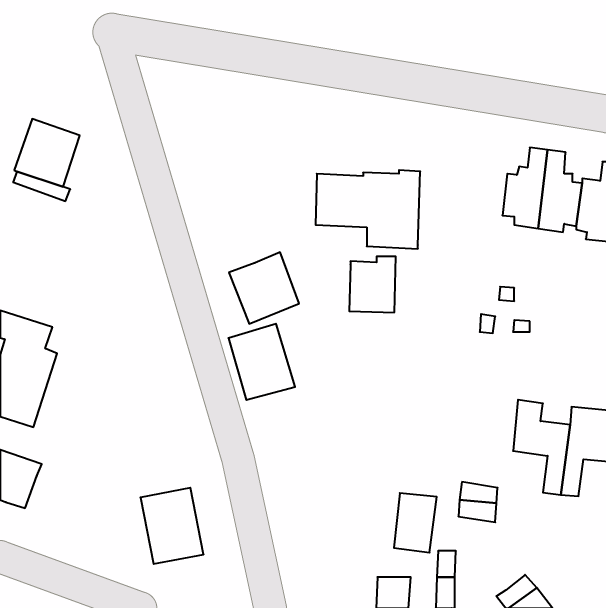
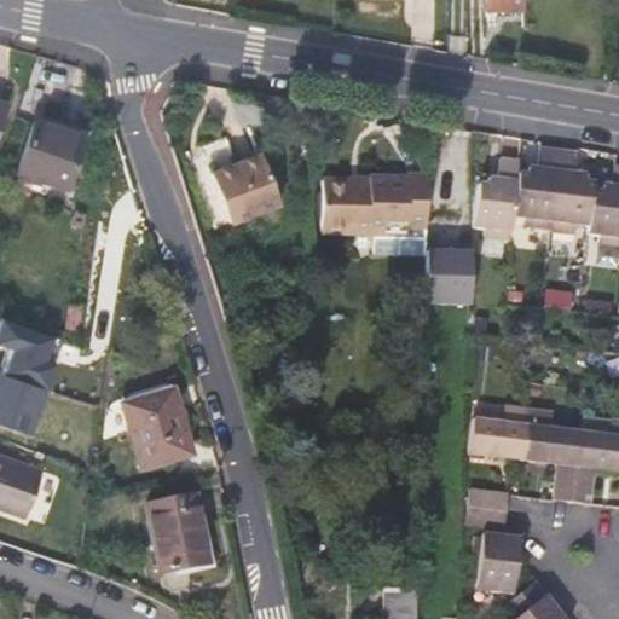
building: none -> [475,160,520,239]
building: [229,252,299,324] -> [210,150,282,222]
building: [349,256,396,312] -> [426,244,473,301]
building: [228,324,295,400] -> [123,392,191,469]
building: none -> [470,404,528,458]
building: [394,493,437,553] -> [476,536,520,596]

